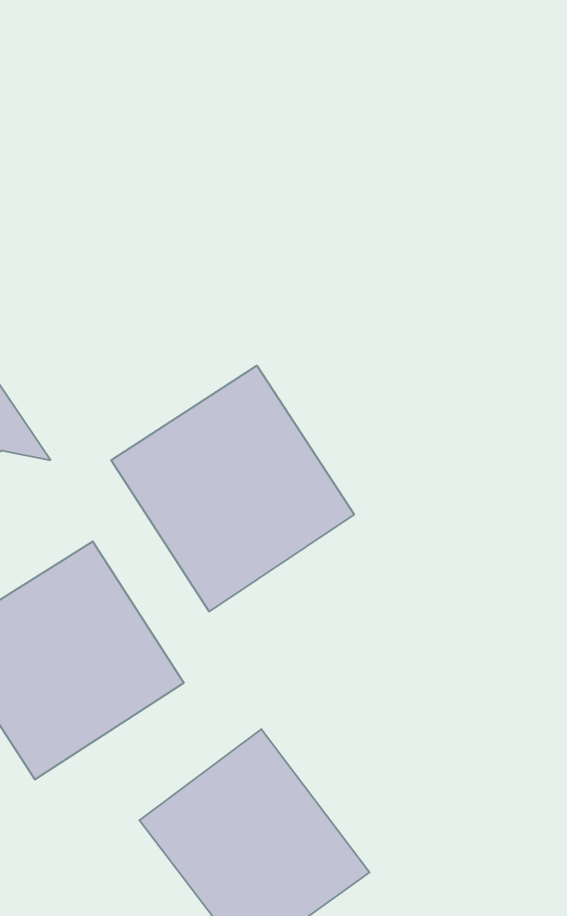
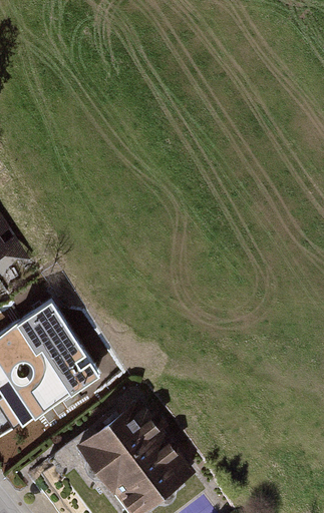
building: [111,366,354,612] -> none

